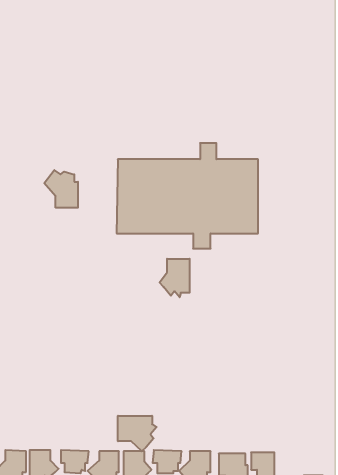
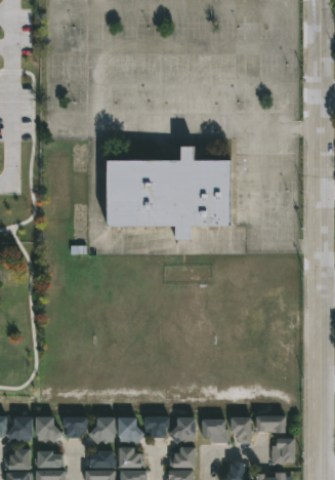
building: [44,170,78,208] -> none
building: [160,259,190,297] -> none
building: [118,416,157,451] -> none
building: none -> [260,415,290,432]

